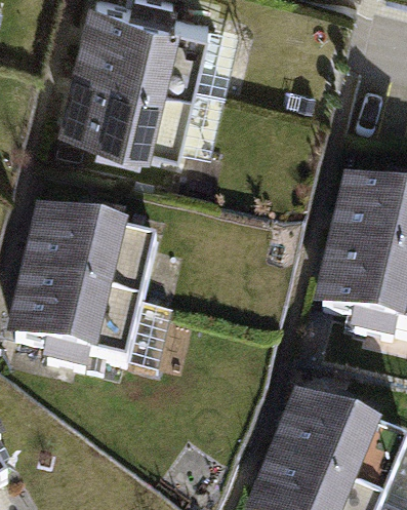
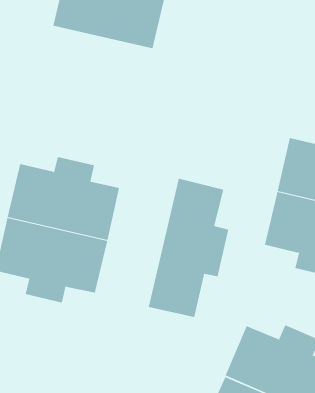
building: [58,50,188,148] -> none
building: none -> [148,178,229,318]

